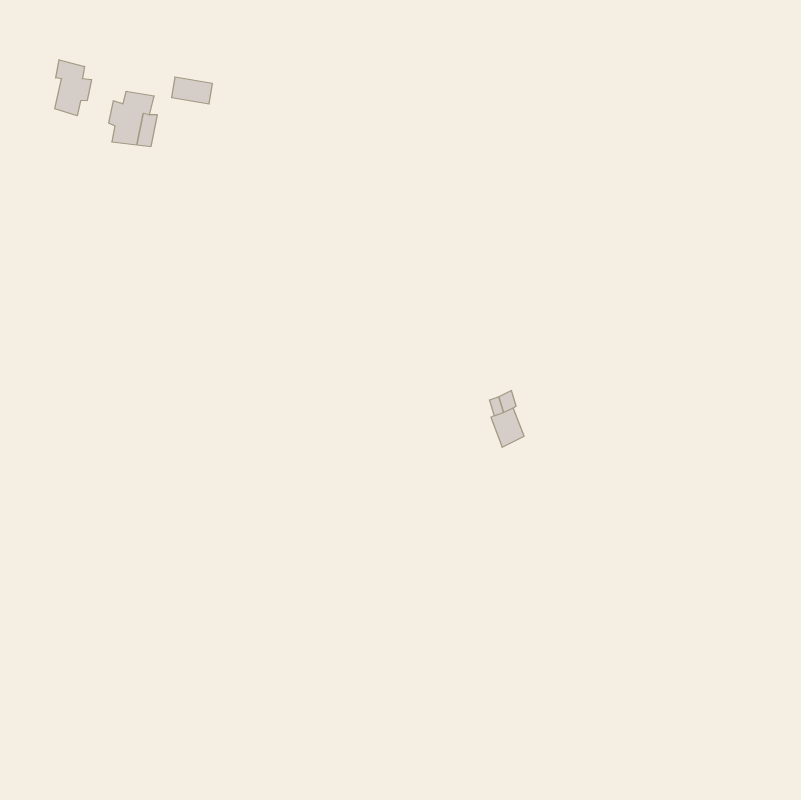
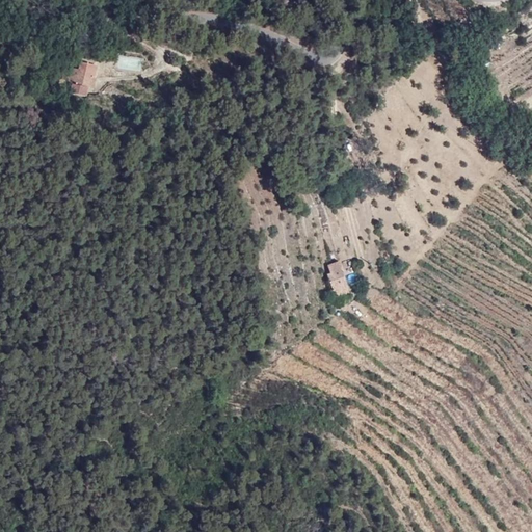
building: [55,60,92,116] -> none

